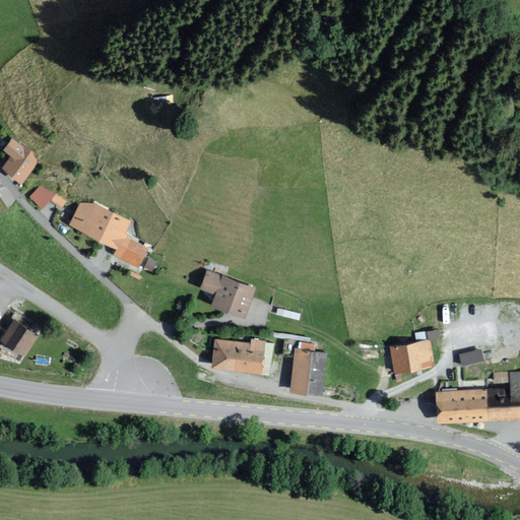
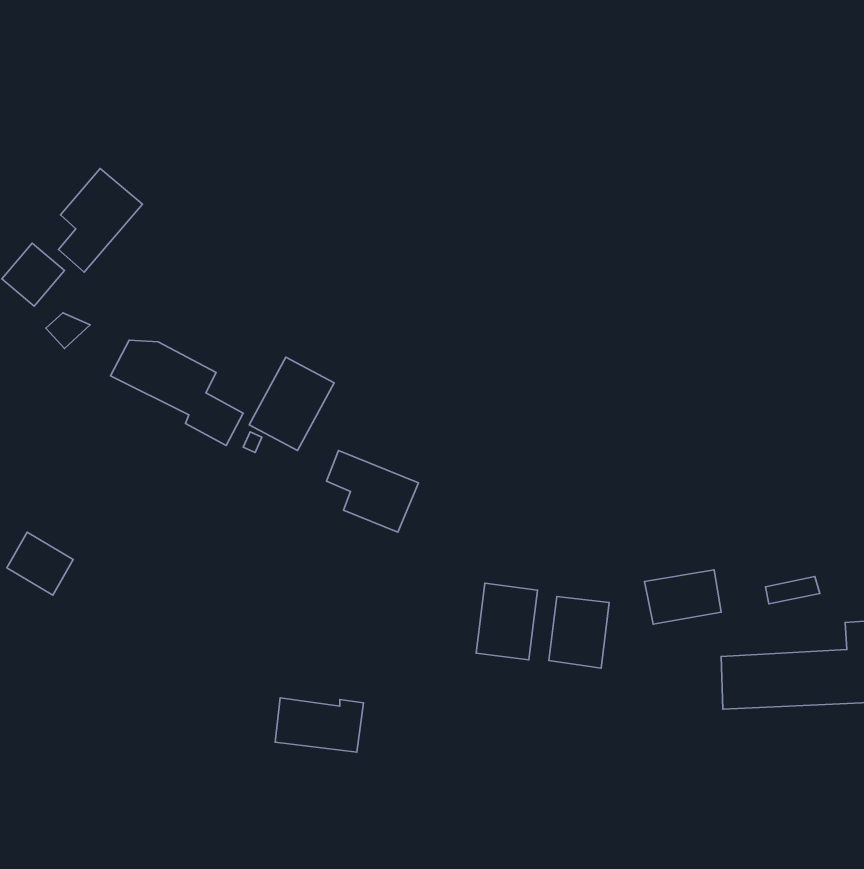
building: none -> [59,168,142,272]
building: none -> [249,357,334,451]
building: [210,338,263,371] -> [275,698,364,752]
building: none -> [549,596,609,668]

